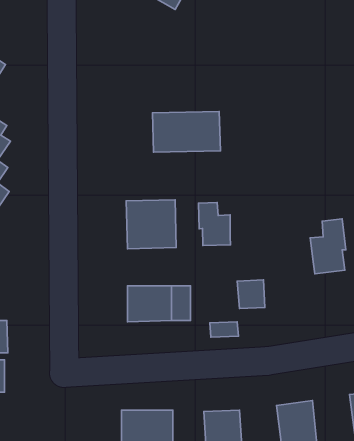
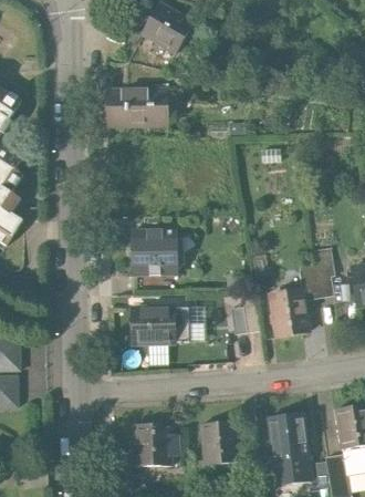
building: [152,112,220,152] -> [105,90,168,127]
building: [199,203,230,245] -> none
building: none -> [268,289,307,336]

